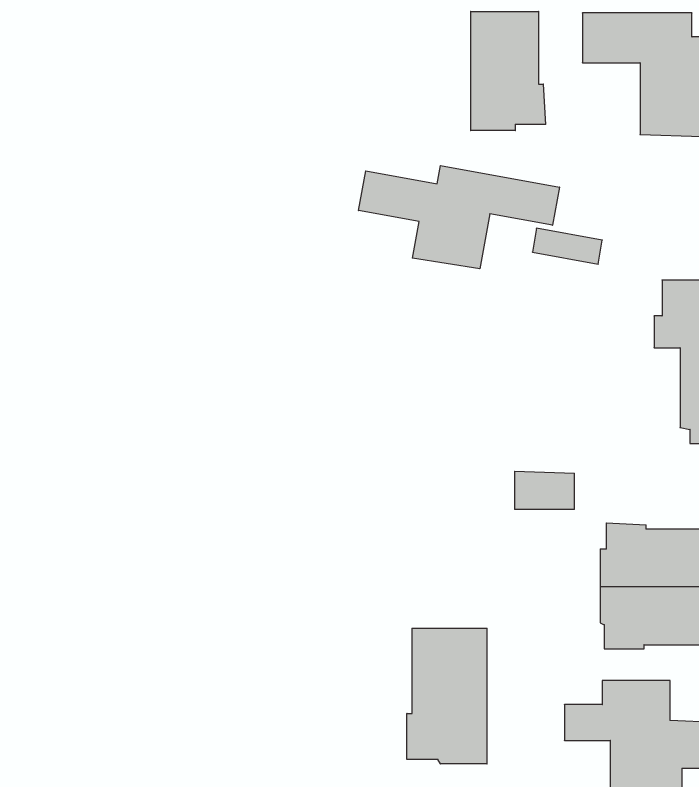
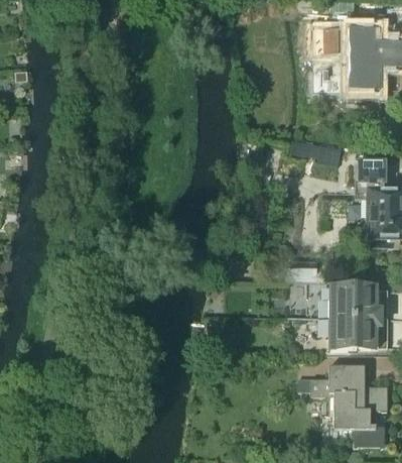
building: [471,11,546,131] -> none
building: [359,166,559,269] -> none
building: [407,628,487,764] -> none

